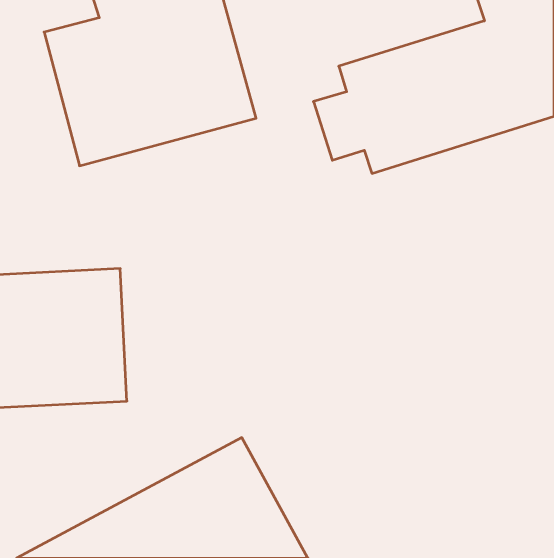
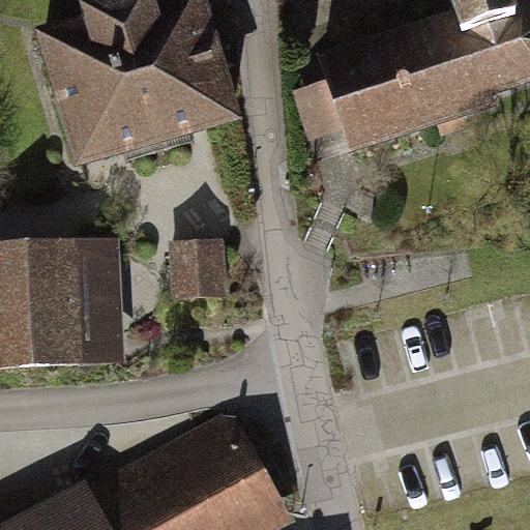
building: none -> [173,238,230,304]

